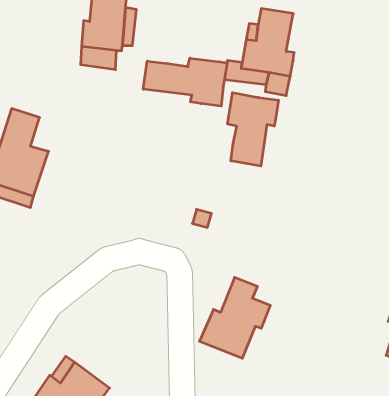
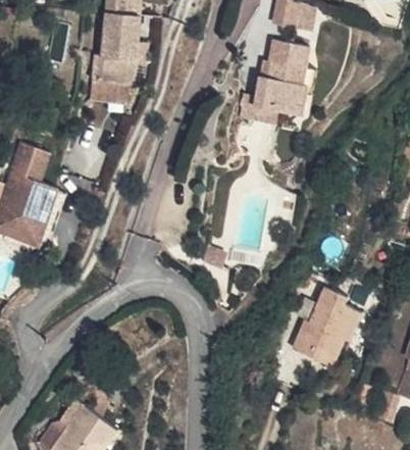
building: [143,58,227,106] -> none
building: [228,93,278,166] -> none
building: [199,277,270,358] -> [290,284,362,366]

